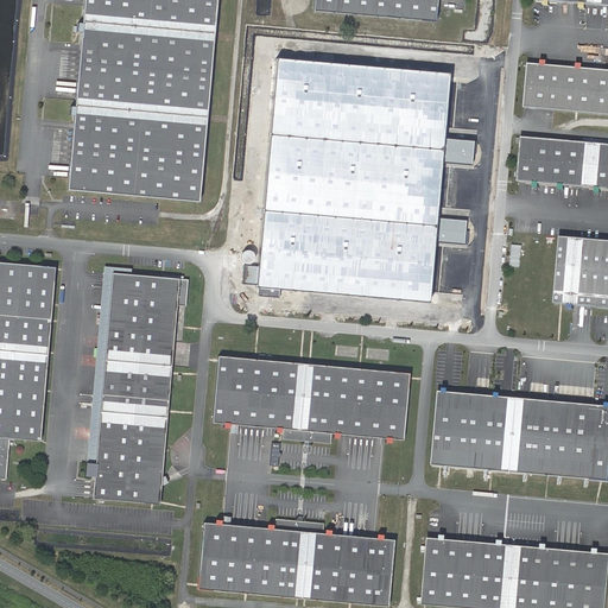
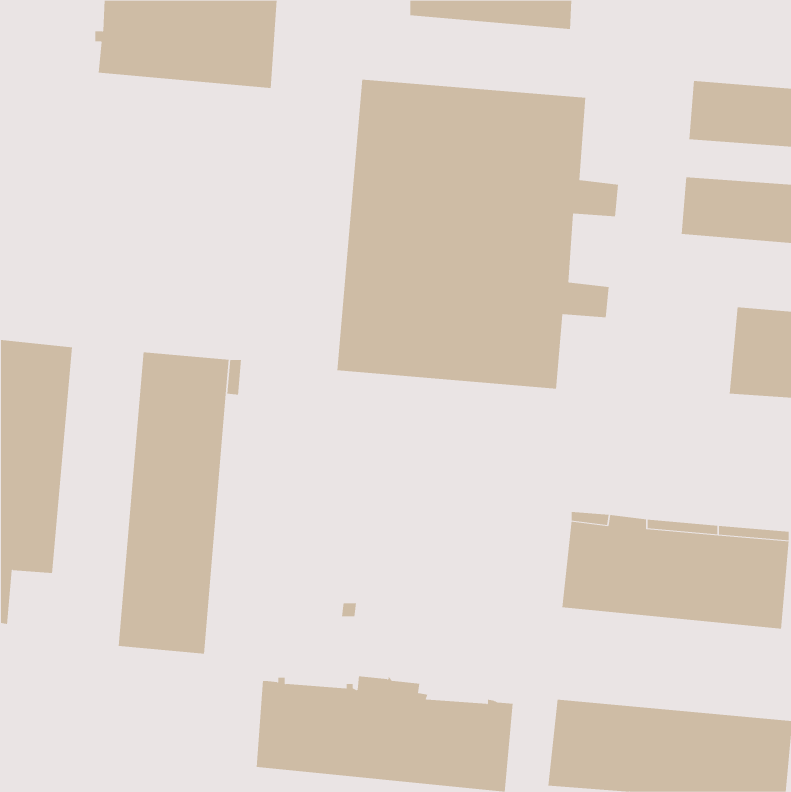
building: [64,56,209,202] -> none
building: [211,355,408,444] -> none

